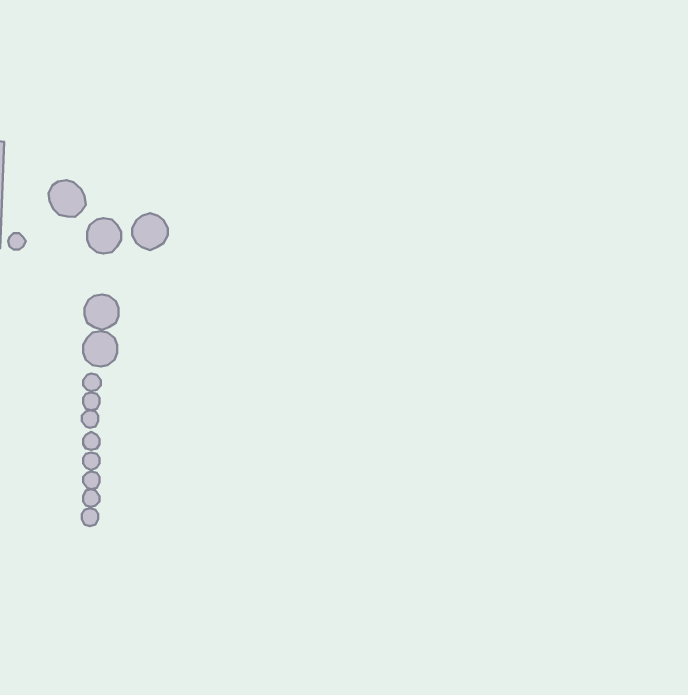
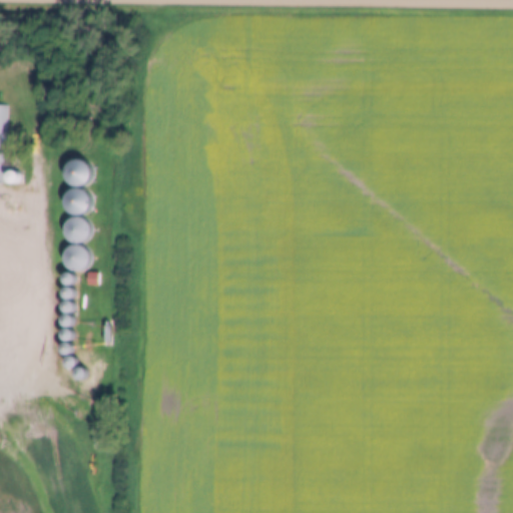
building: [49,180,86,217] -> none
building: [132,213,168,250] -> [63,188,89,215]

